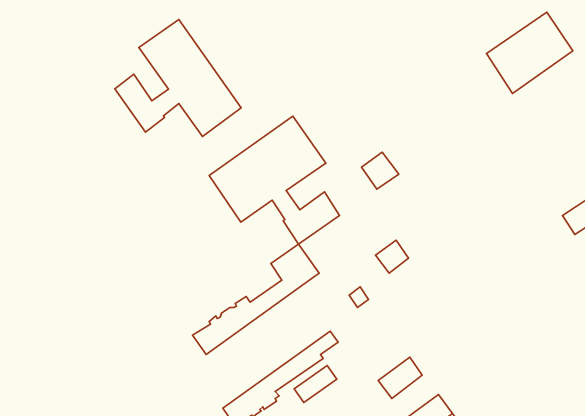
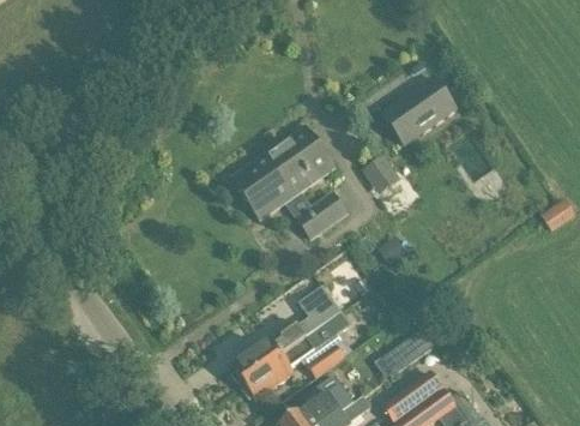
building: [486,12,573,93] -> [382,74,458,145]
building: [115,19,241,137] -> none
building: [193,244,319,354] -> [234,284,344,380]

